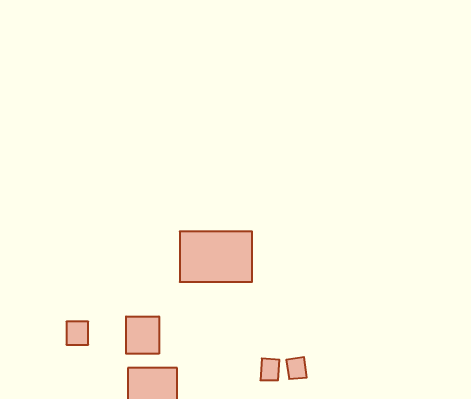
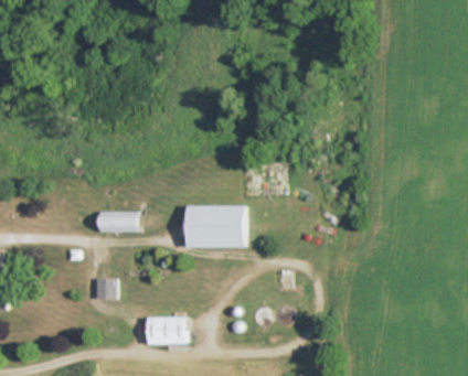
building: none -> [99,212,138,232]
building: [126,316,159,354] -> none

